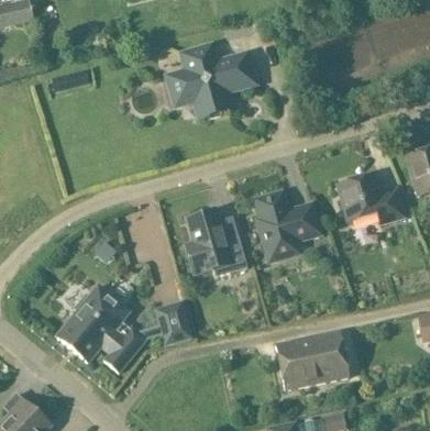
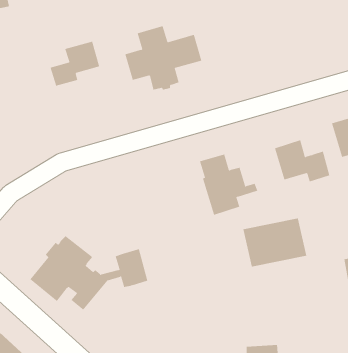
building: none -> [50,41,100,86]
building: [185,210,247,276] -> none
building: [275,332,350,389] -> [243,218,307,267]

